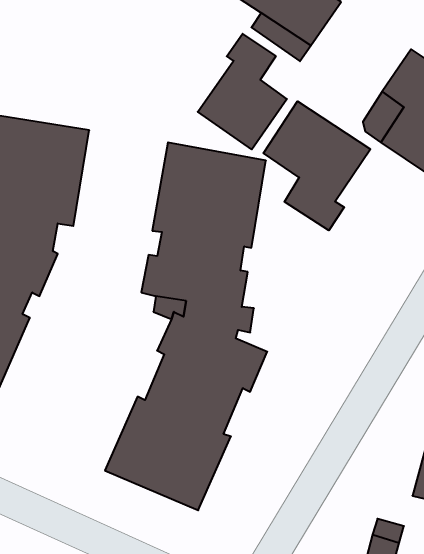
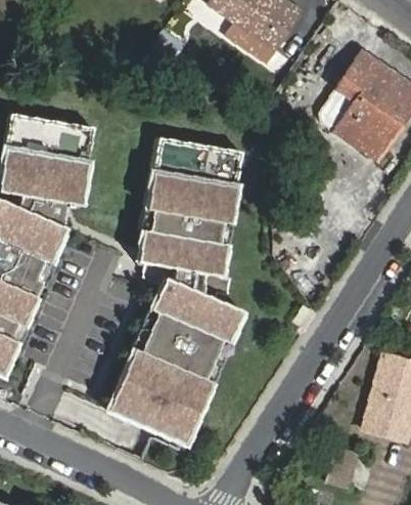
building: [198,34,287,149] -> none
building: [263,101,370,230] -> none

